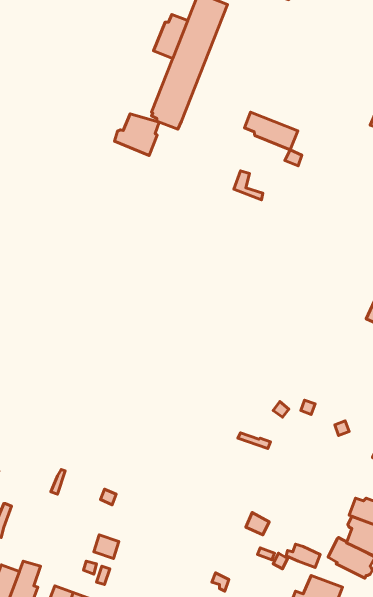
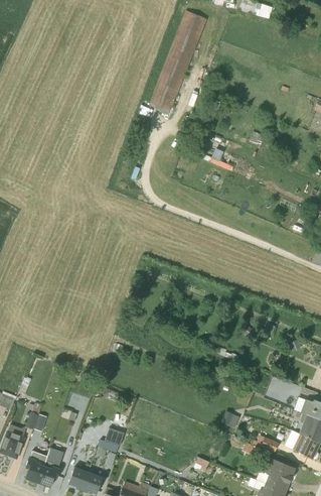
building: [153,14,188,58] -> none
building: [245,112,298,150] -> none
building: [115,114,159,156] -> none

